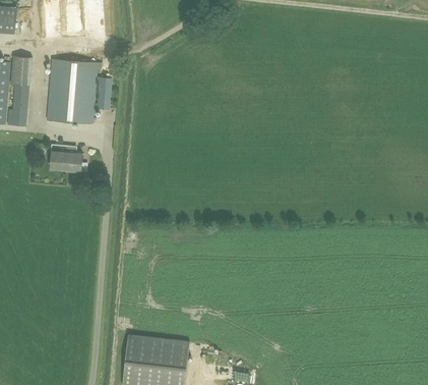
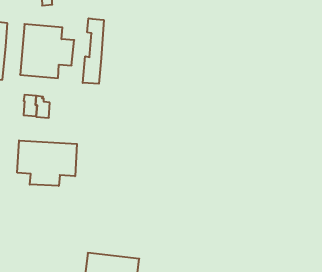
building: none -> [83,18,104,84]
building: none -> [17,140,77,186]

